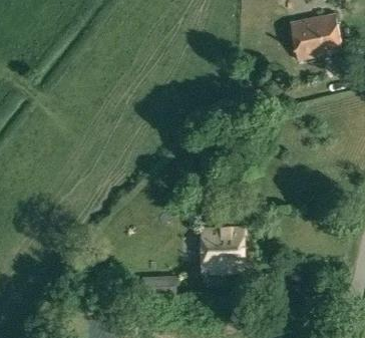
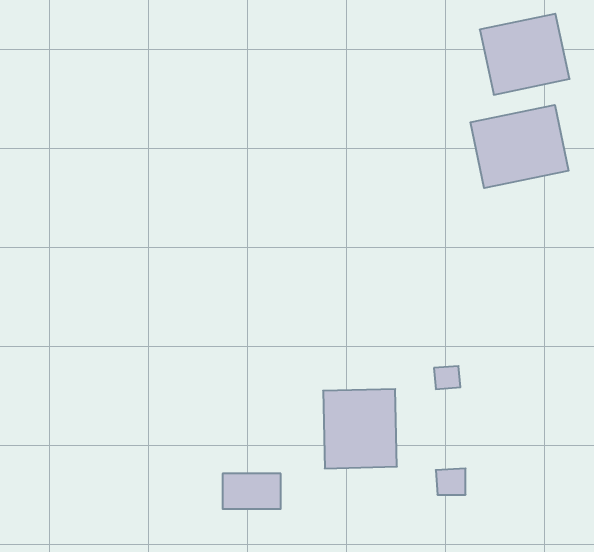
building: none -> [470,105,569,188]

